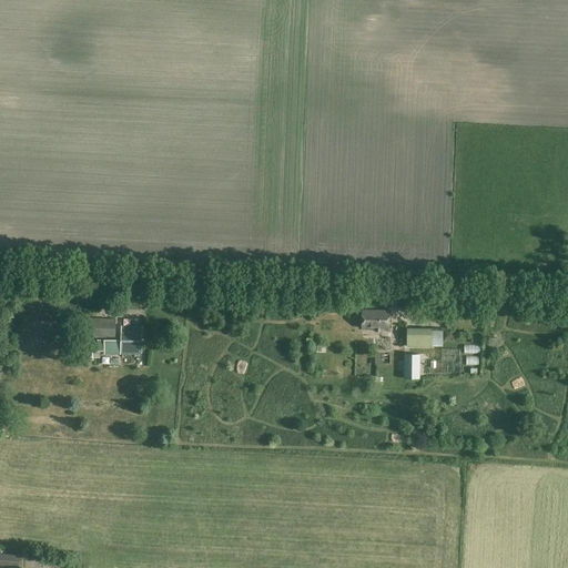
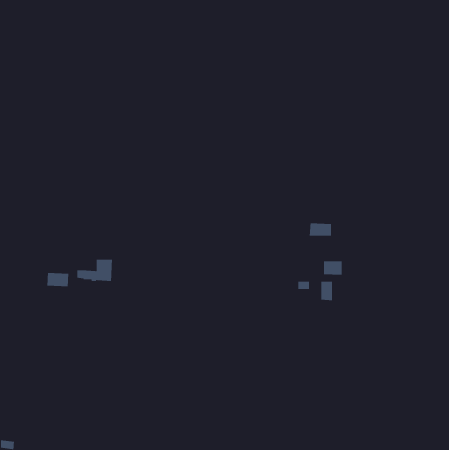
building: [362,311,390,328] -> [309,222,332,237]
building: [88,318,116,337] -> [46,272,69,287]

